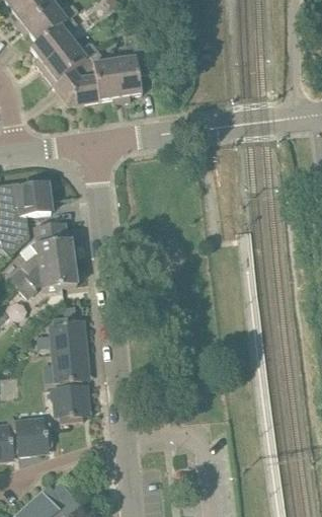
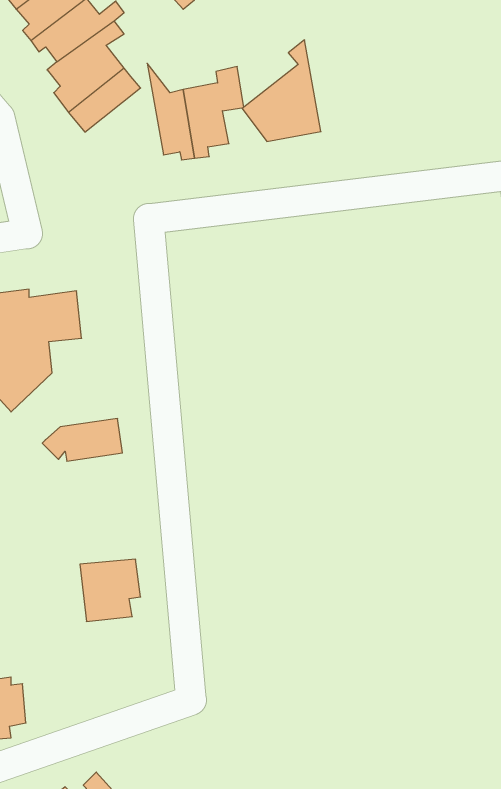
building: [54,43,102,105] -> [242,40,321,141]
building: [9,223,74,286] -> none
building: [49,315,85,353] -> none
building: [52,384,89,424] -> none
building: [14,416,54,455] -> none

